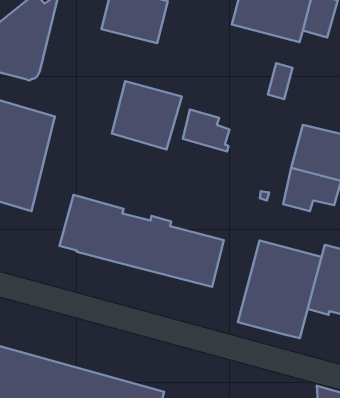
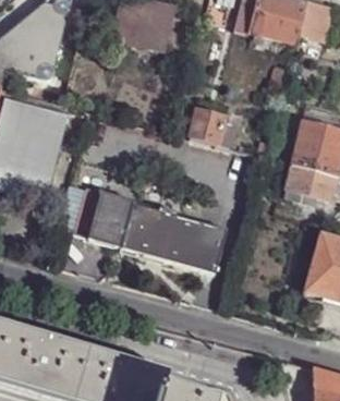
building: [112,81,182,149] -> none
building: [238,241,322,338] -> none

